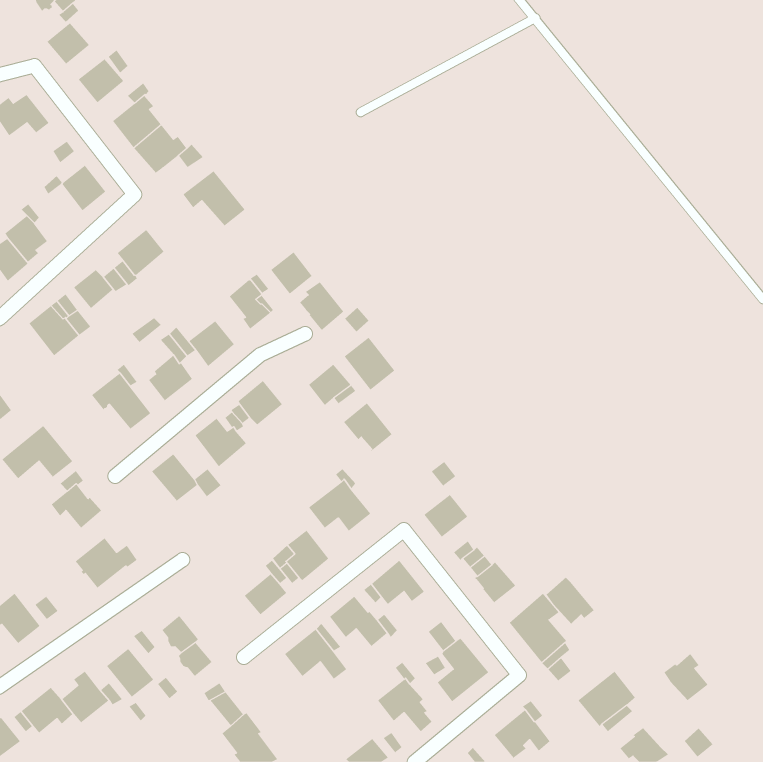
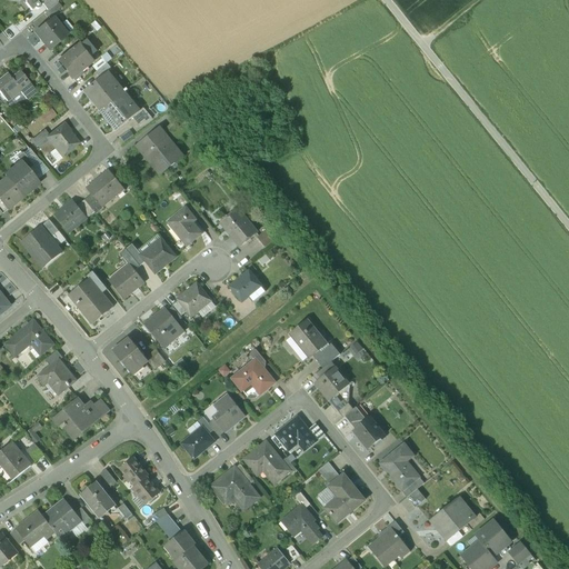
building: [271,251,312,294] -> none
building: [344,337,395,390] -> none
building: [343,403,393,454] -> [289,319,326,357]
building: [546,577,596,624] -> none
building: [663,653,708,701] -> [473,519,507,555]

